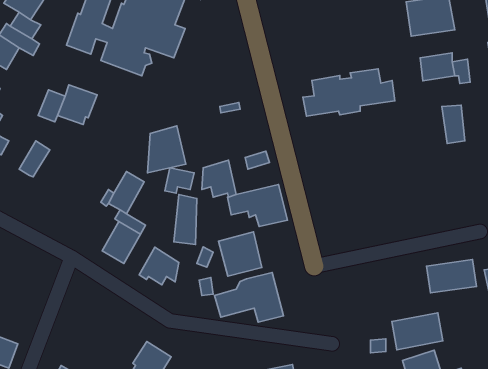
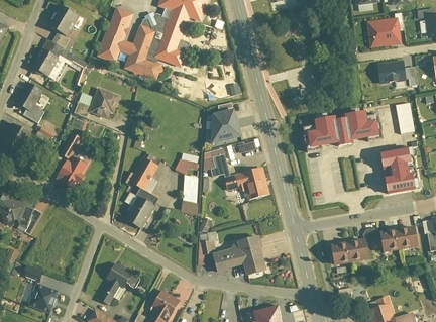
building: [303,69,395,116] -> [309,110,382,147]
building: [147,126,186,173] -> [212,107,242,144]
building: none -> [377,147,416,194]
building: none -> [57,154,88,187]
building: [219,232,262,276] -> none
building: [139,247,179,285] -> none
building: [392,313,443,350] -> [331,237,371,266]
building: none -> [95,269,128,306]

